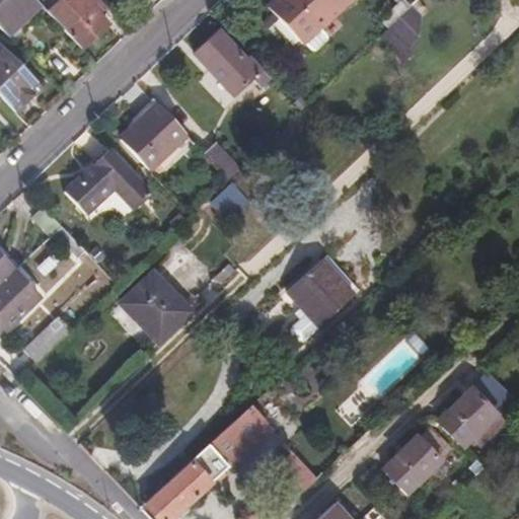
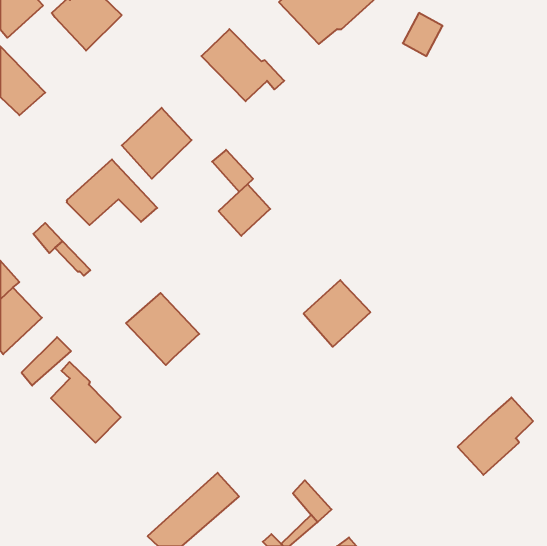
building: none -> [51,362,121,443]
building: [208,407,270,467] -> none
building: [381,428,447,495] -> none

